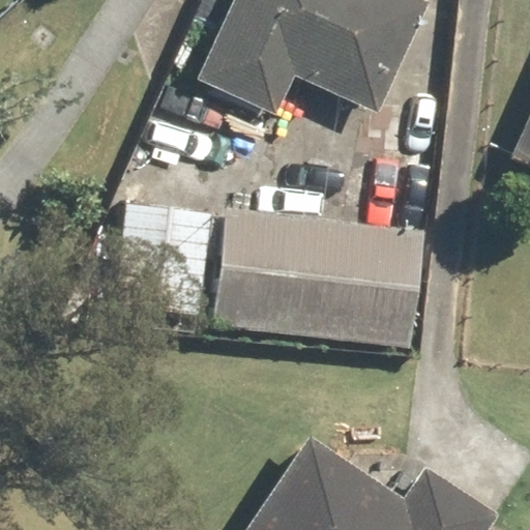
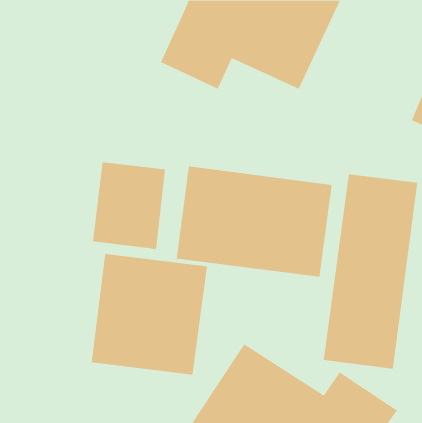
building: none -> [323,173,418,369]
building: none -> [91,253,208,376]

